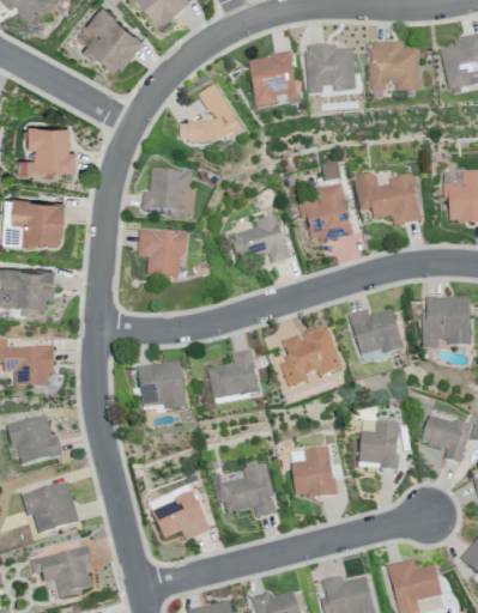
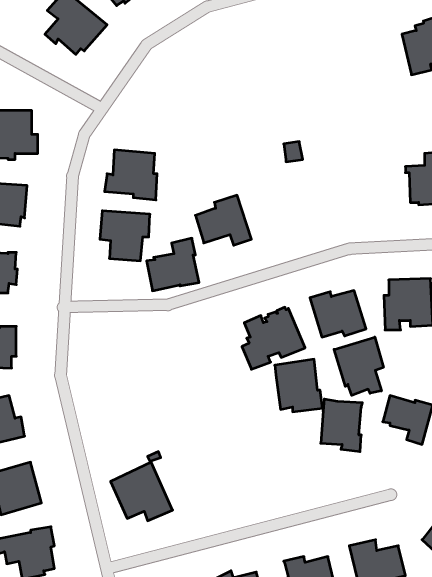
building: [369,44,418,93] -> none
building: [304,45,355,95] -> none
building: [248,51,301,107] -> none
building: [179,83,242,142] -> none
building: [353,171,422,225] -> none
building: [298,182,352,242] -> none
building: [206,348,259,401] -> [147,238,199,291]
building: none -> [334,337,383,395]
building: [137,362,186,412] -> none
building: [289,445,337,498] -> [275,359,322,412]
building: [217,460,276,517] -> none

